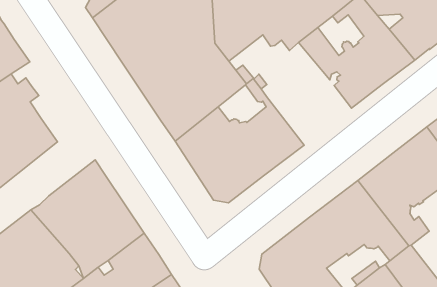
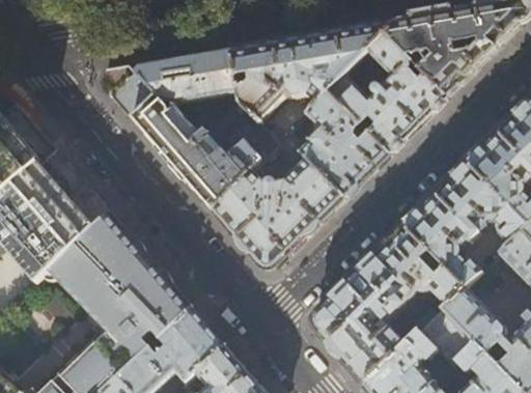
building: none -> [298,93,386,197]
building: none -> [55,209,132,281]

